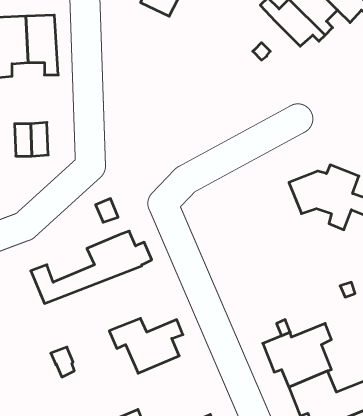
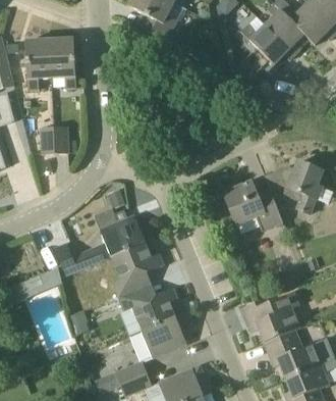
building: none -> [223,181,283,231]
building: none -> [65,244,164,297]
building: none -> [142,314,189,358]

